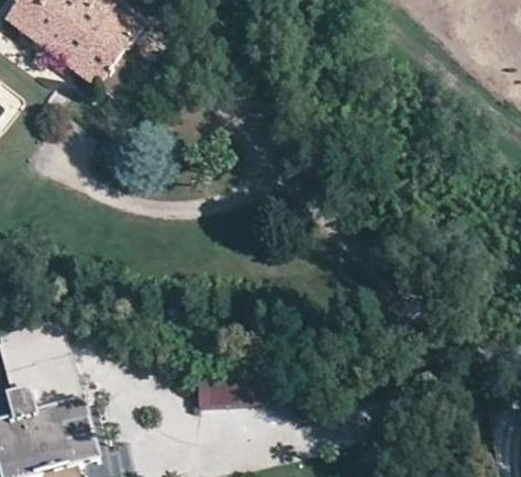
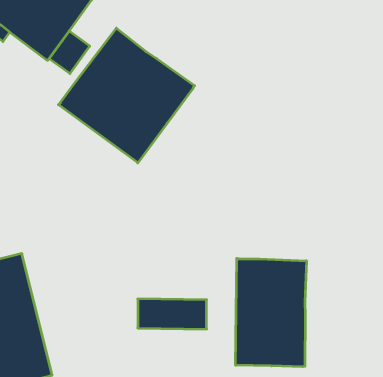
building: none -> [58,28,195,163]
building: none -> [236,258,306,367]

